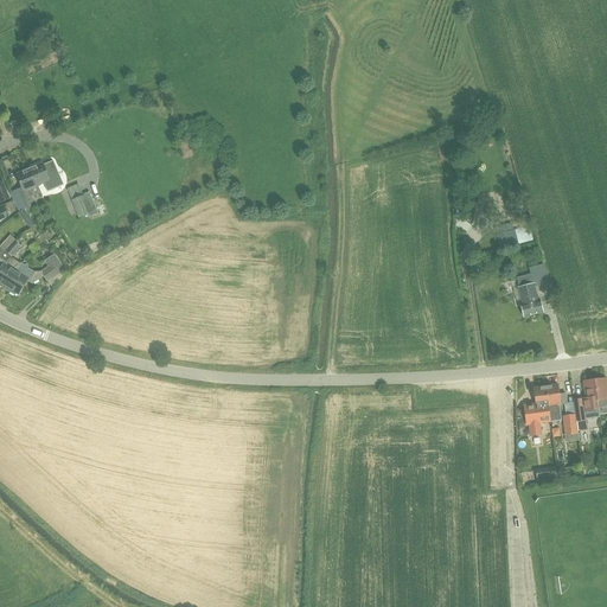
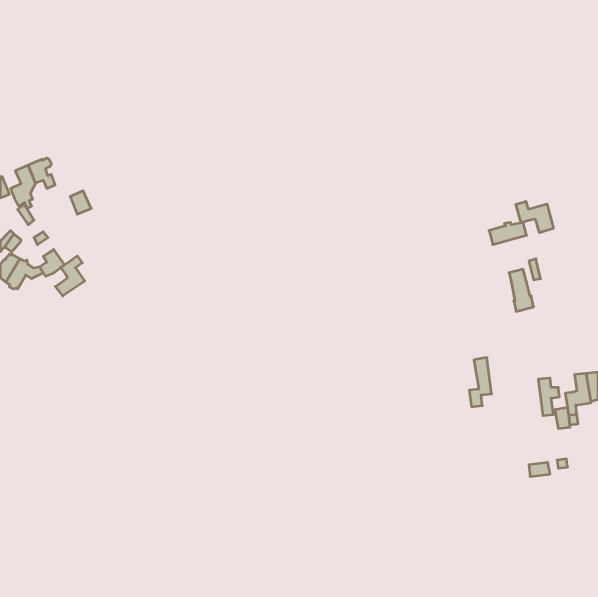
building: none -> [516,201,553,233]
building: none -> [55,256,85,296]
building: [528,384,550,434] -> [469,358,492,407]

